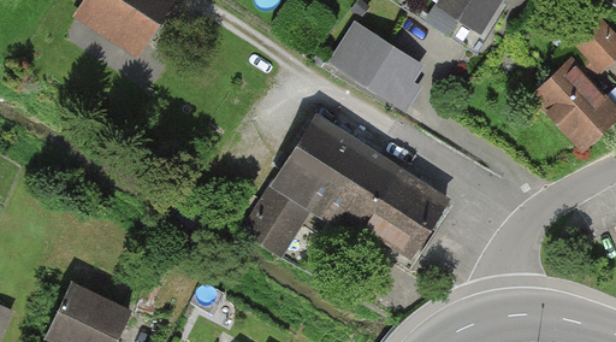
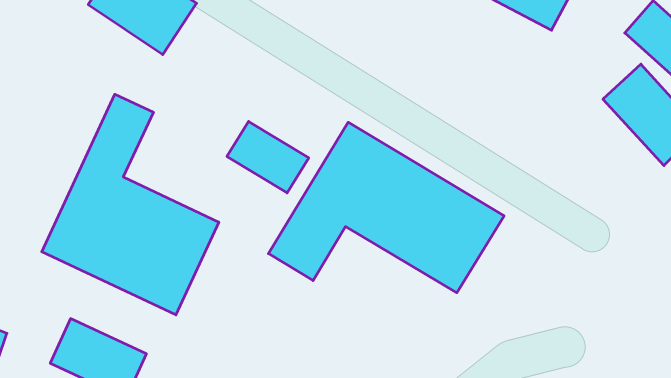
building: [327,22,420,104] -> none
building: none -> [42,94,219,315]
building: none -> [227,121,309,193]

